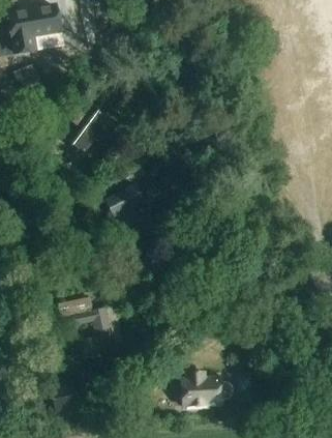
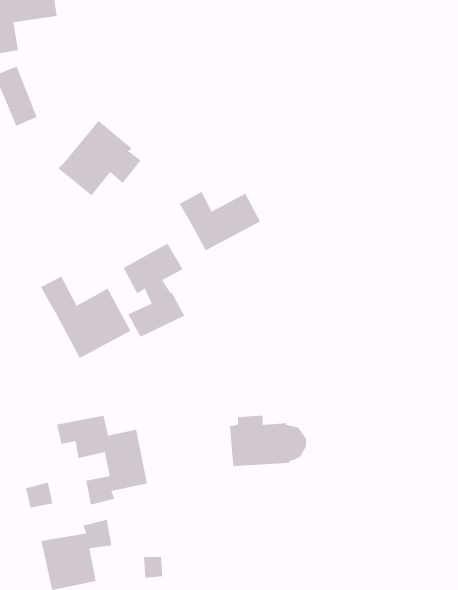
building: none -> [179,191,261,251]
building: none -> [40,276,131,359]
building: [182,372,234,406] -> [229,415,307,466]

